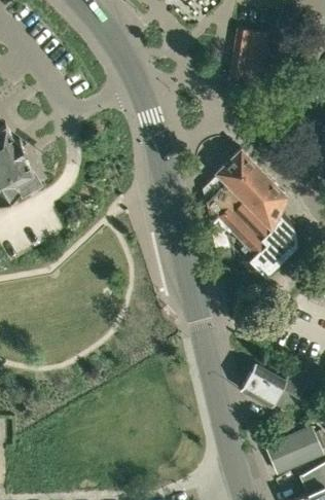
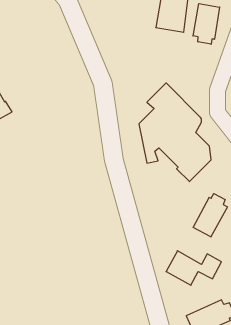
building: none -> [193,4,220,44]
building: none -> [193,194,227,237]

